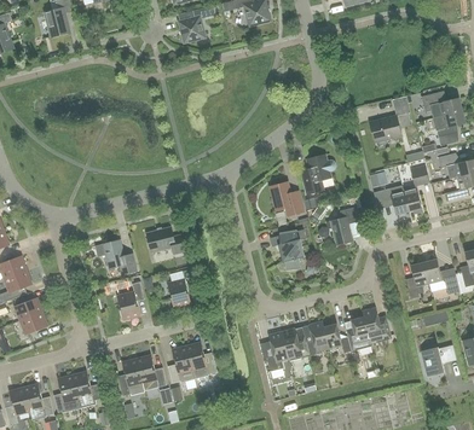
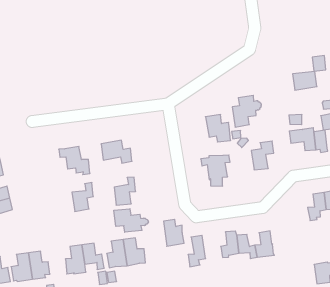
building: [362,307,391,344] -> none
building: none -> [114,209,148,232]
building: [281,327,308,361] -> [164,219,184,246]

